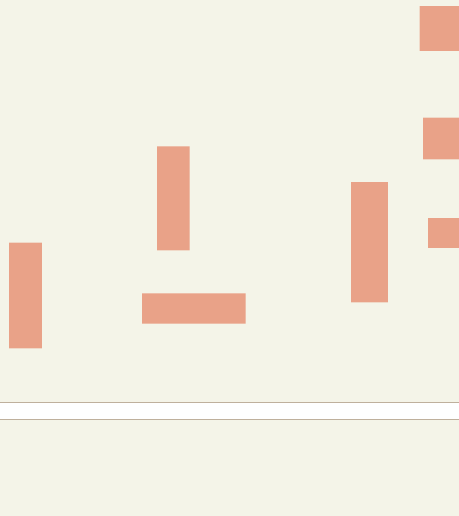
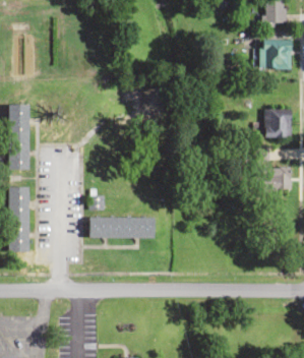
building: [156,146,191,251] -> [7,104,28,169]
building: [351,181,389,303] -> none

